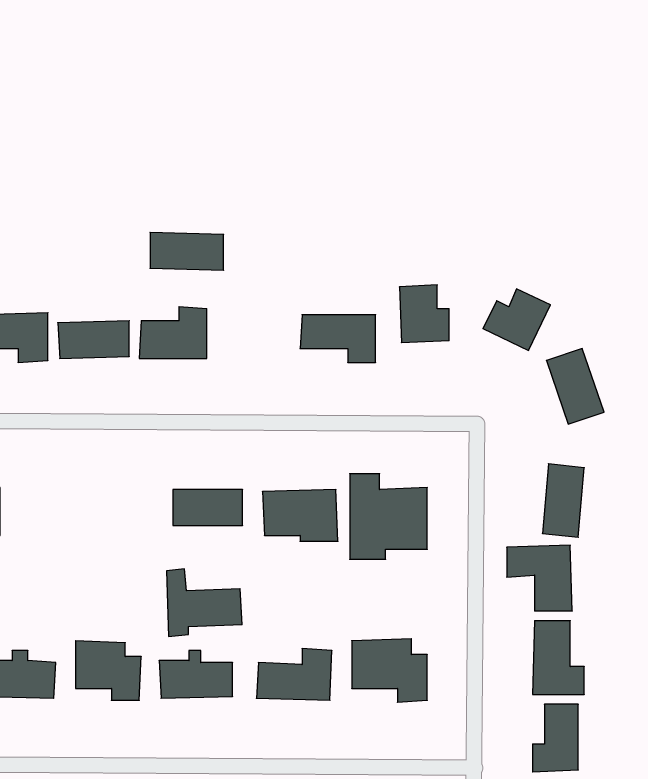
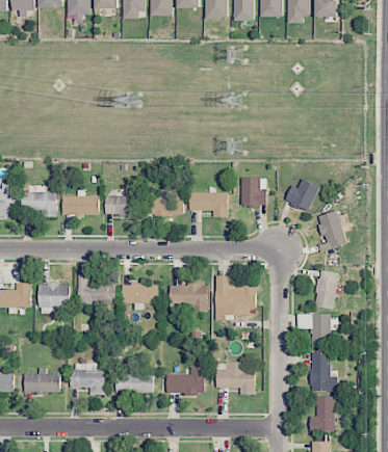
building: [150,232,224,270] -> [146,195,184,215]
building: none -> [38,283,70,314]
building: [167,569,242,636] -> [77,273,117,309]

